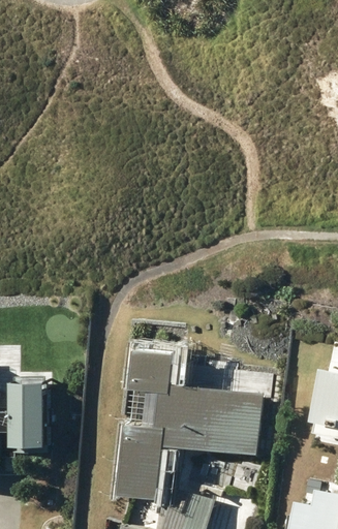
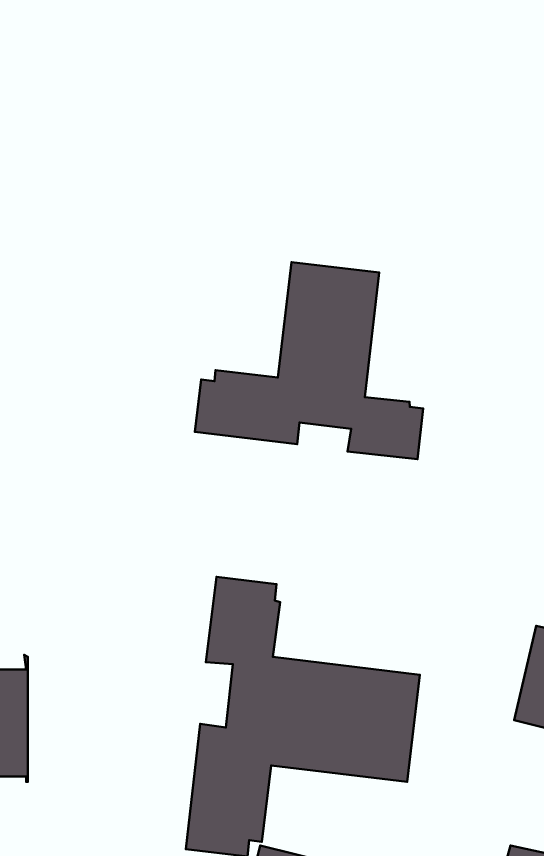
building: none -> [195,262,423,459]

